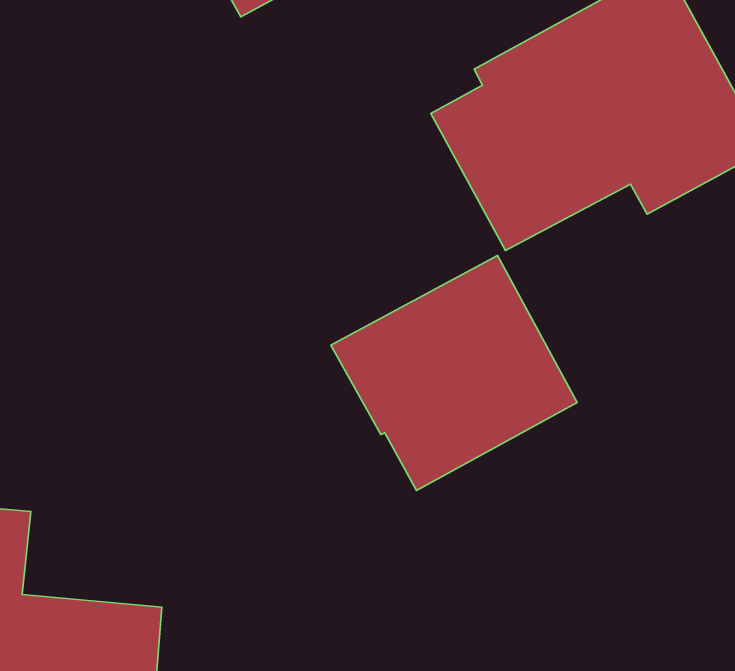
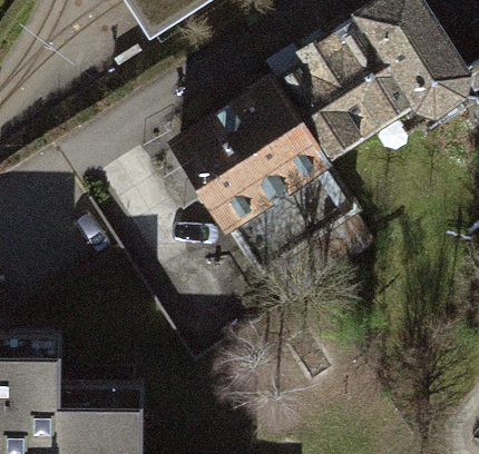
building: none -> [169,83,317,224]

